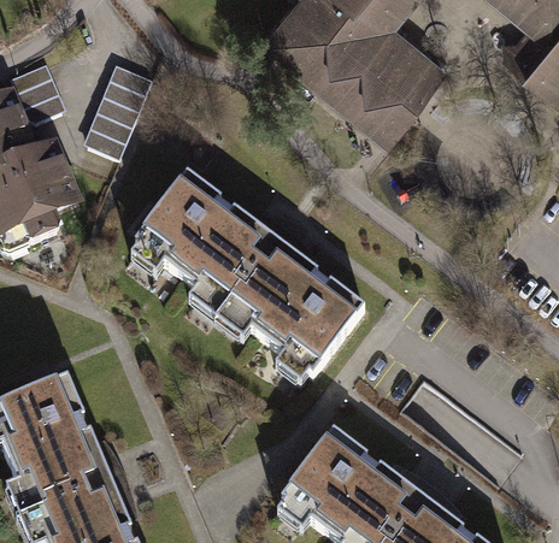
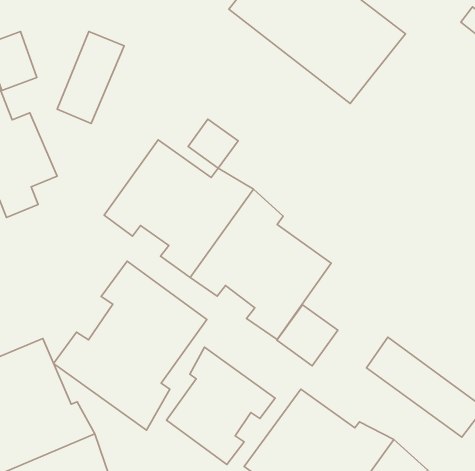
building: none -> [188,119,238,168]
building: none -> [54,261,207,430]
building: none -> [277,305,338,366]
building: none -> [166,347,275,464]

